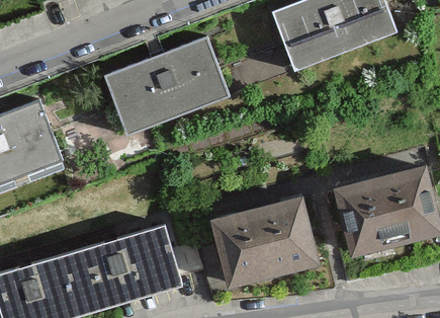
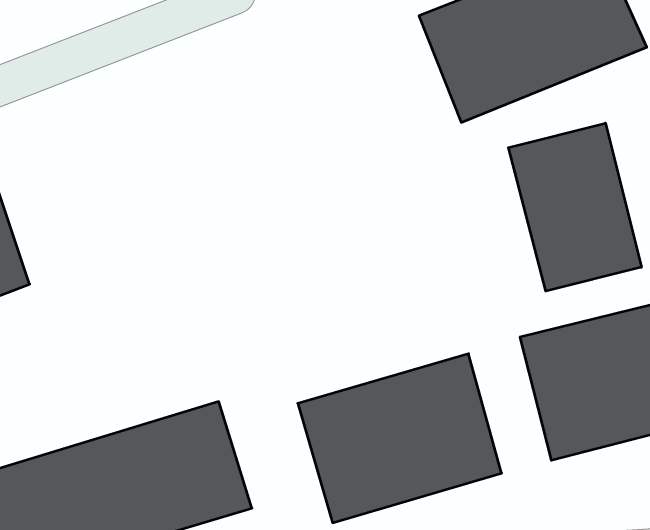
building: [104,41,231,139] -> none
building: none -> [508,123,641,291]

